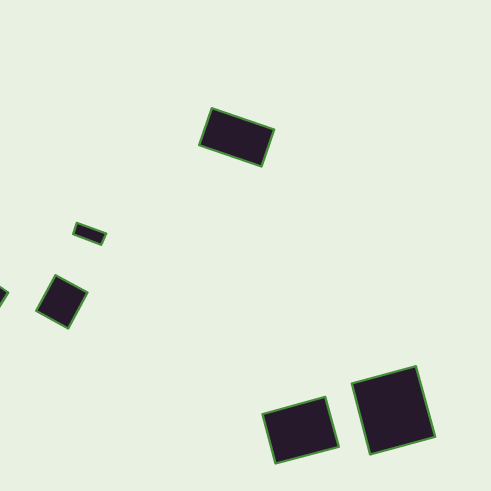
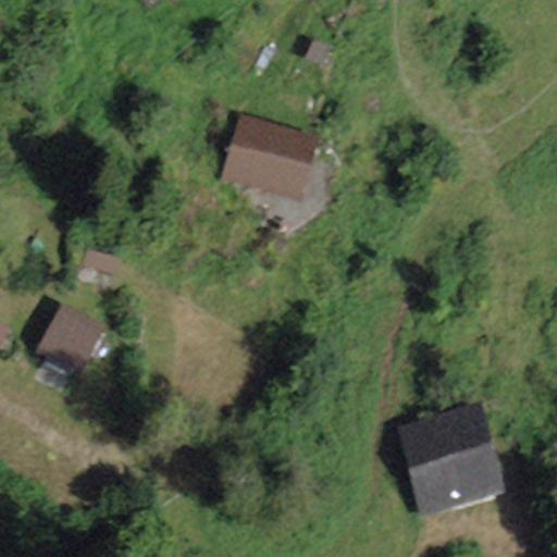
building: [262,397,339,463] -> none

